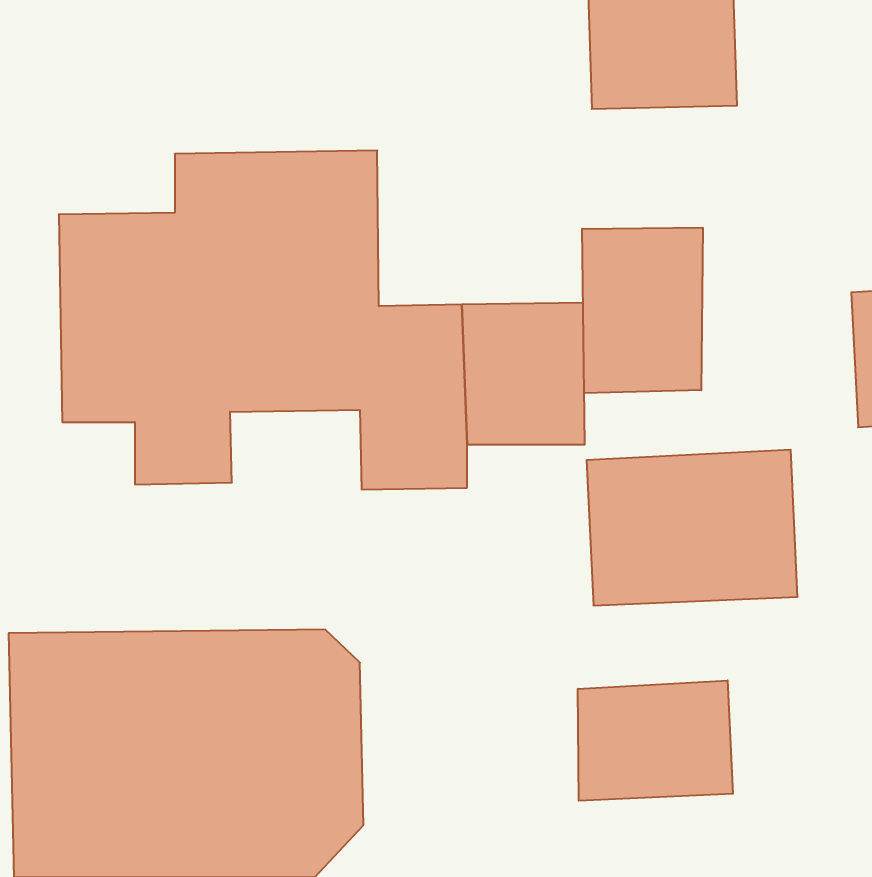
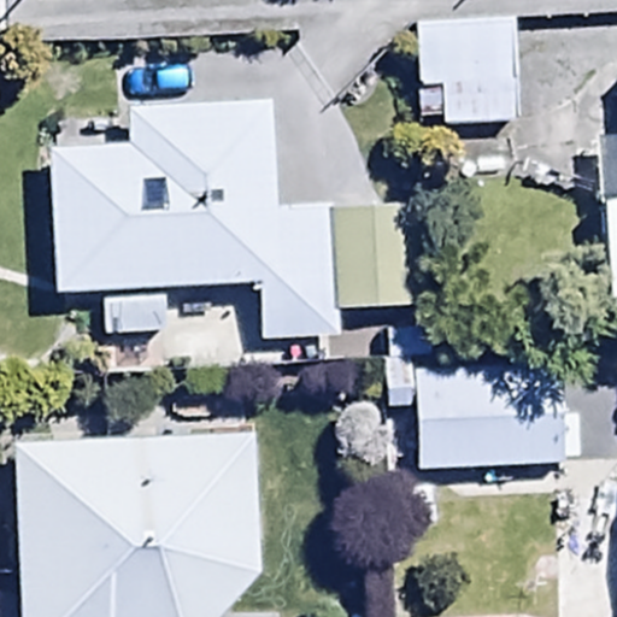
building: [582,228,703,393] -> none
building: [578,680,733,801] -> none

